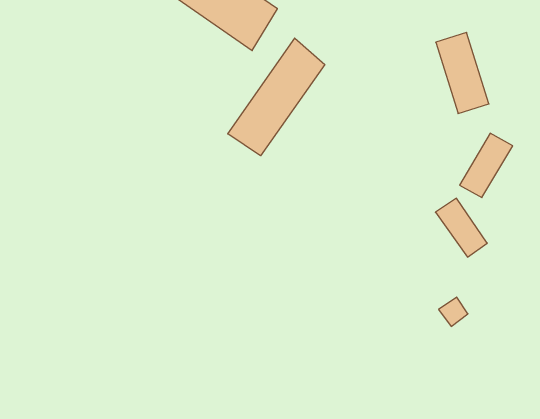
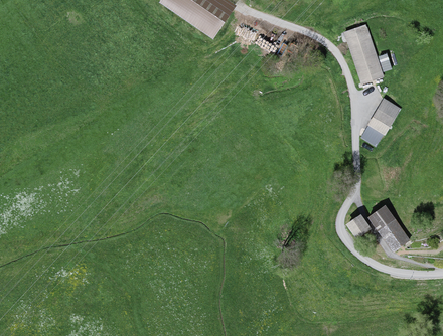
building: [228,38,325,156] -> none
building: [435,198,487,257] -> [371,207,408,249]

